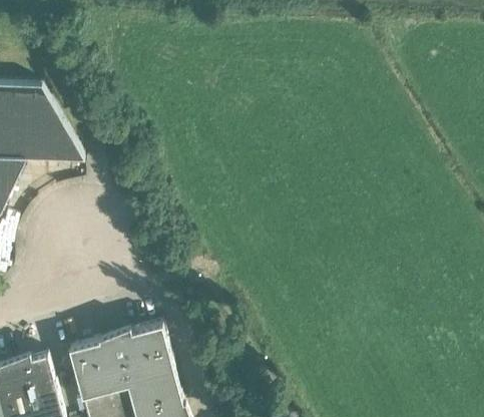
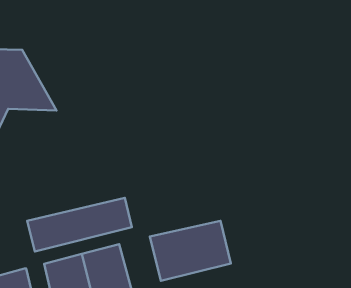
building: none -> [27,198,132,252]
building: none -> [150,221,231,281]

